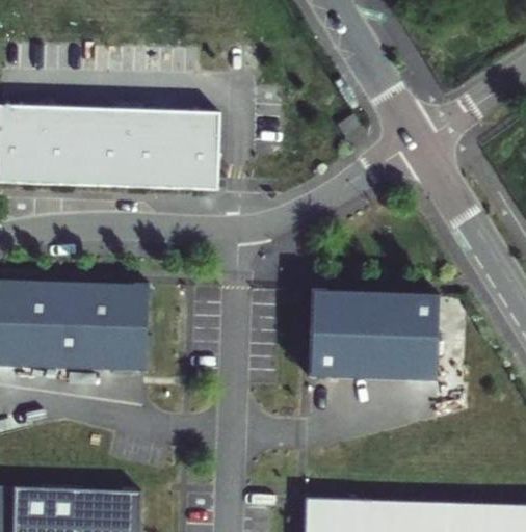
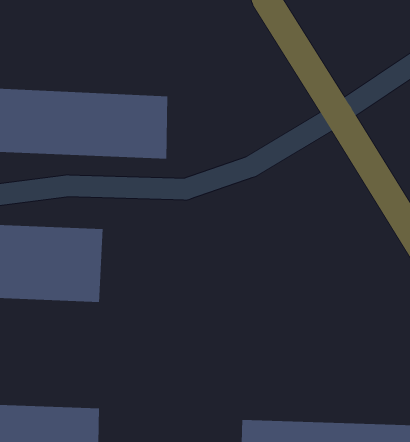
building: [303,286,437,379] -> none

